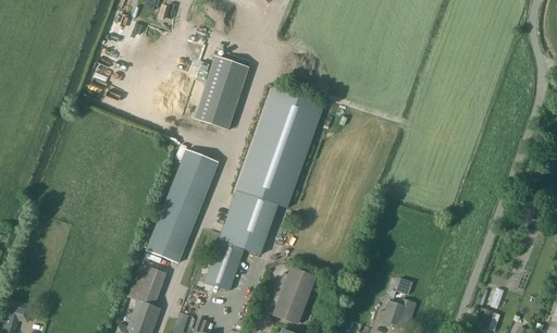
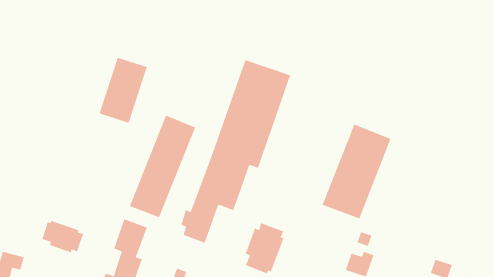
building: [194,55,248,130] -> [98,57,148,124]
building: none -> [322,123,392,220]
building: none -> [41,220,84,253]

